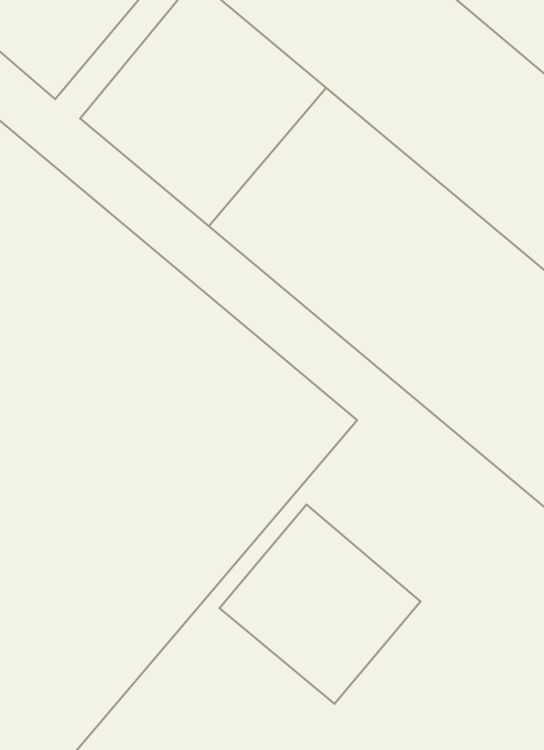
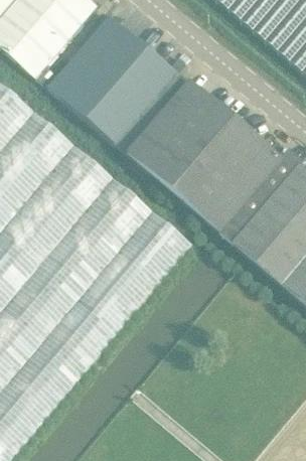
building: [219,504,420,704] -> none

